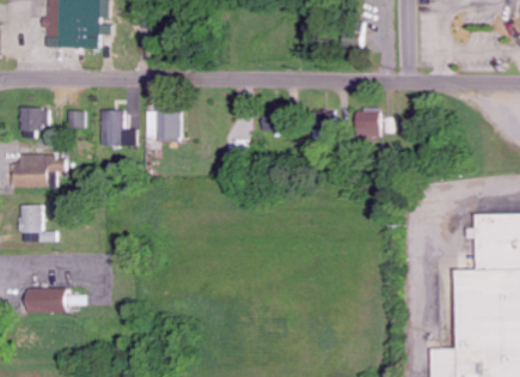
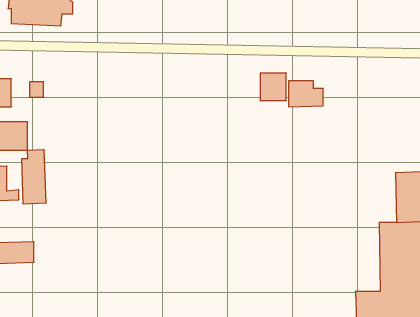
building: none -> [261,73,286,101]
building: [103,111,136,147] -> none
building: [145,113,183,140] -> none
building: none -> [22,149,46,204]

